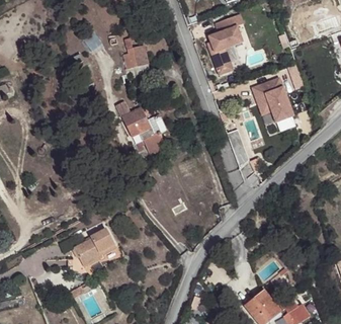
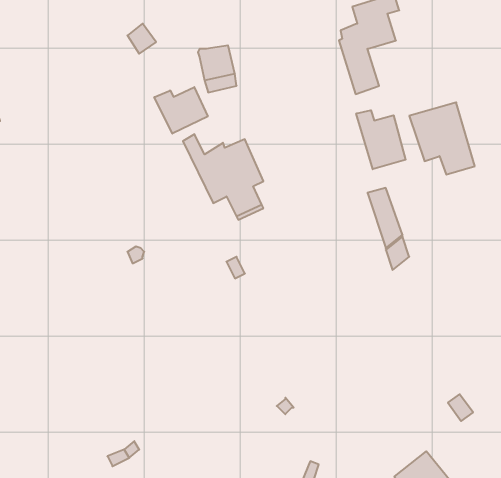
building: none -> [154,87,208,134]
building: none -> [356,110,406,169]
building: [74,227,115,266] -> none

